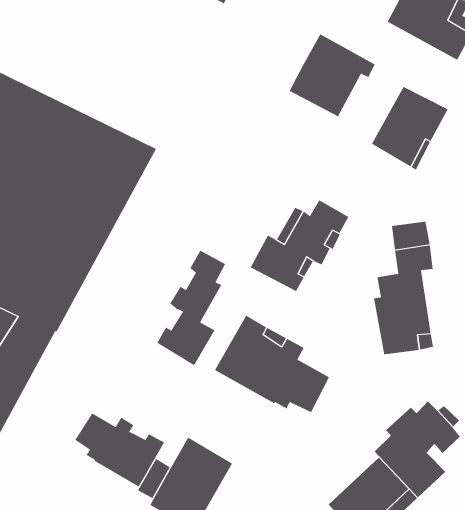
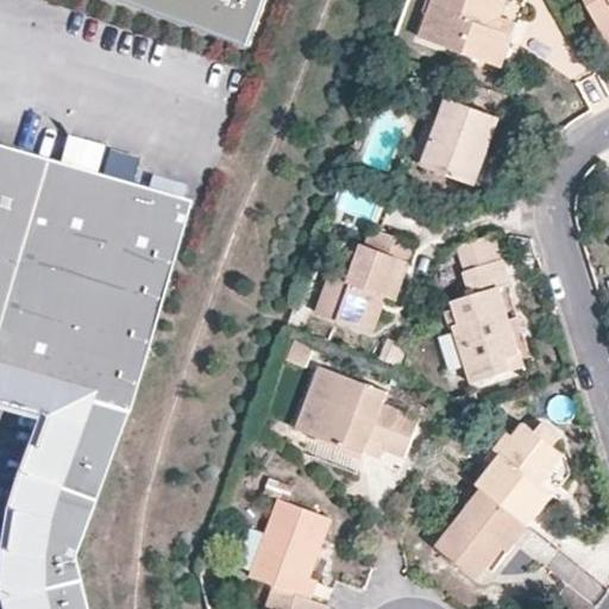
building: [289,34,376,117] -> none
building: [156,250,226,366] -> none
building: [74,412,165,488] -> none

